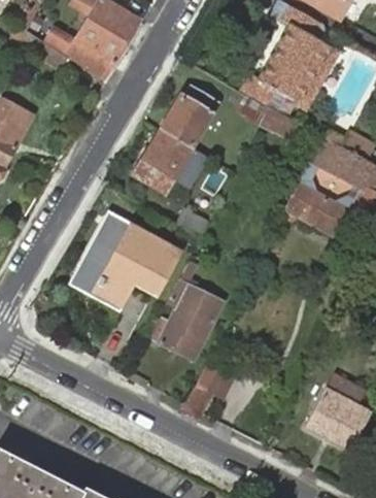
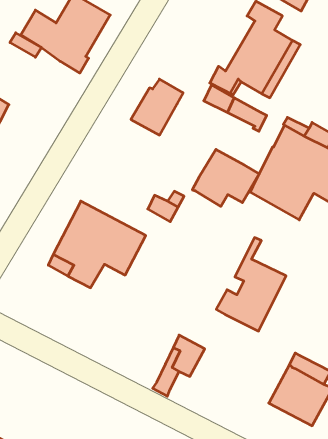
building: [137,129,207,189] -> [192,149,259,206]
building: [150,261,224,359] -> [216,238,286,331]

